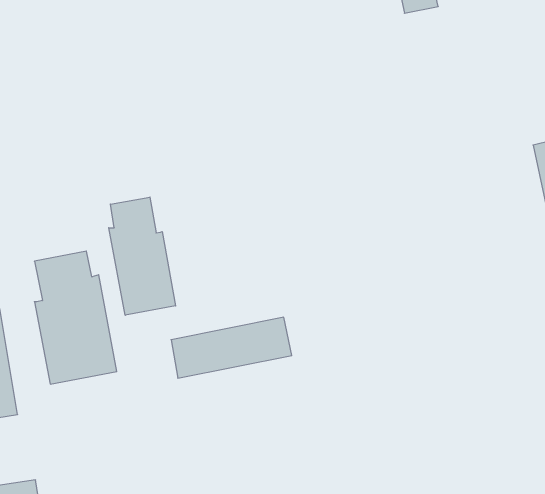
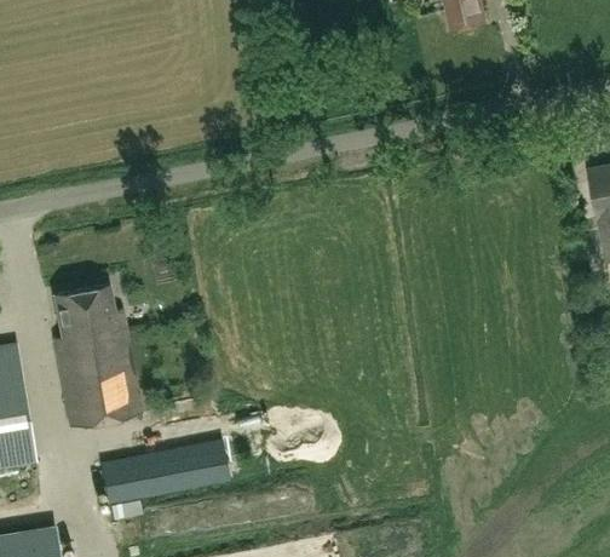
building: [109,197,176,315] -> none
building: [171,317,292,378] -> [100,440,230,505]

